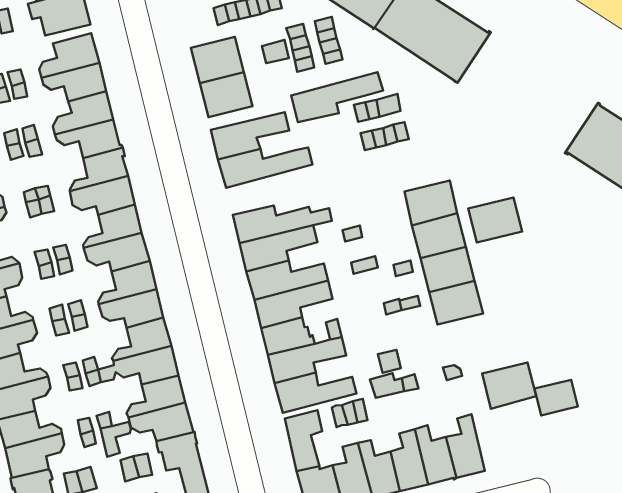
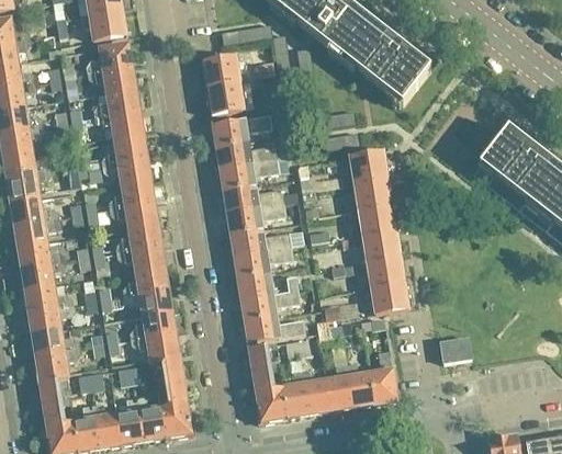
building: [291,72,383,122] -> [220,156,290,189]
building: [468,197,522,242] -> [350,150,390,182]
building: [482,362,536,409] -> [371,280,411,313]

